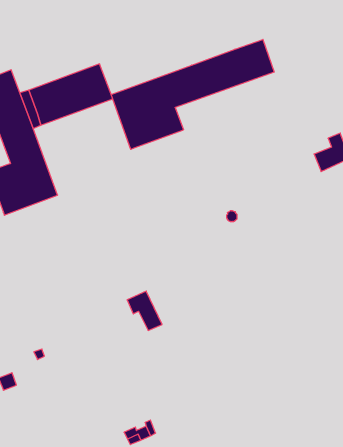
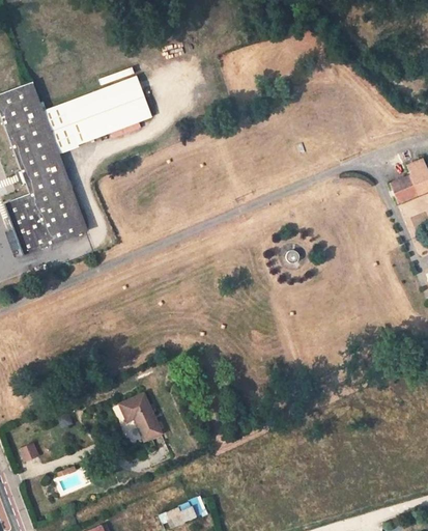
building: [111,39,274,149] -> none
building: [127,291,162,330] -> [120,393,162,440]

